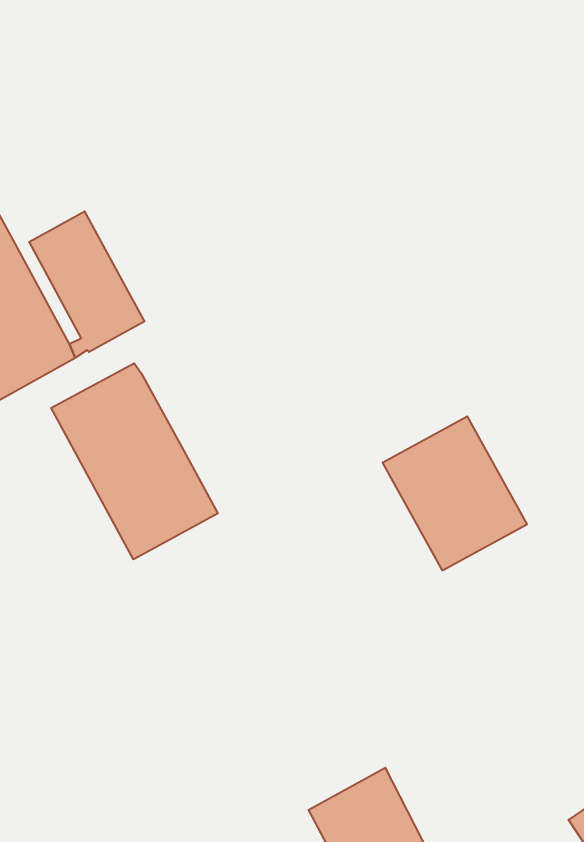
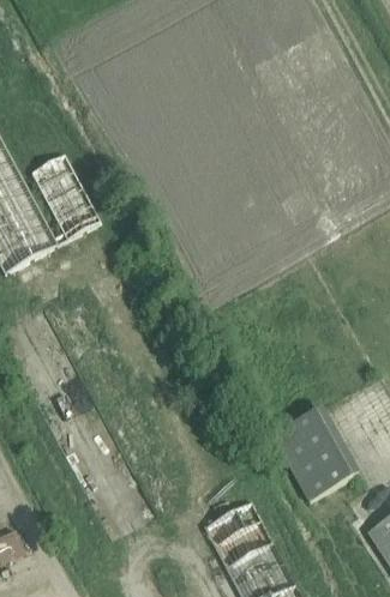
building: [51,363,218,559] -> none
building: [383,416,527,570] -> [271,405,361,501]

